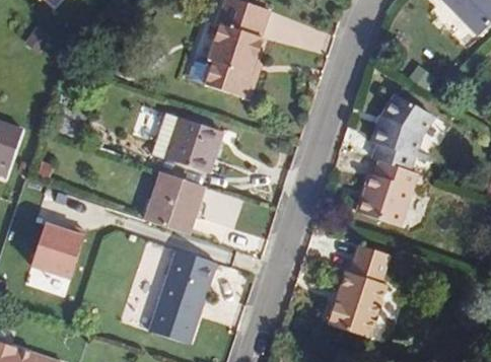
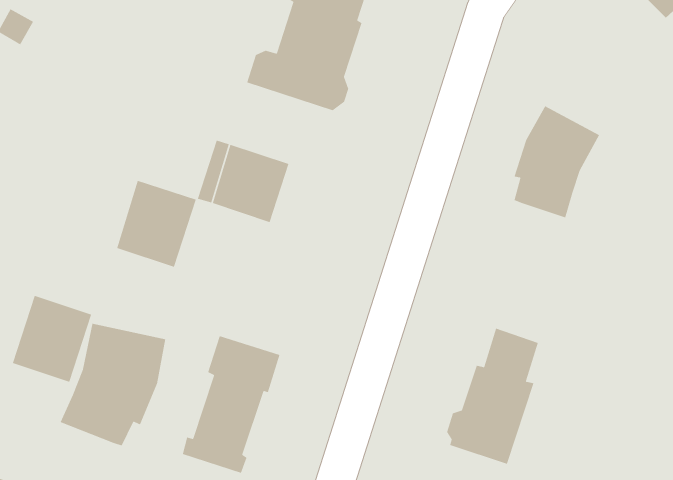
building: [354,160,414,225] -> none
building: [147,171,202,231] -> [116,180,197,268]
building: none -> [59,323,166,447]

